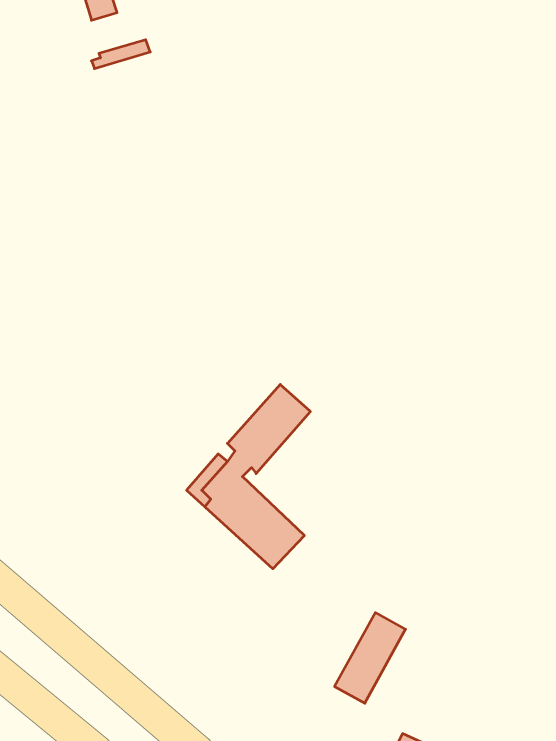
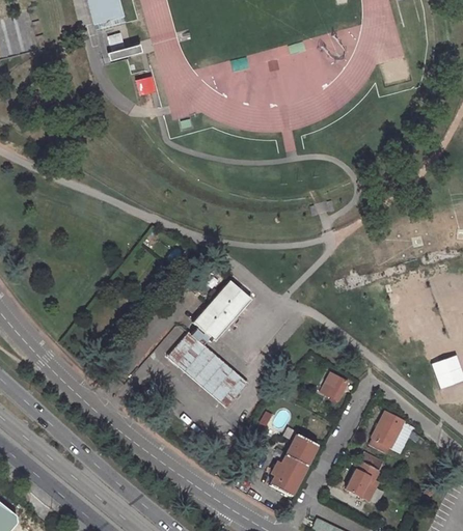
building: none -> [319,372,346,399]
building: none -> [369,412,404,450]
building: none -> [343,452,382,502]

